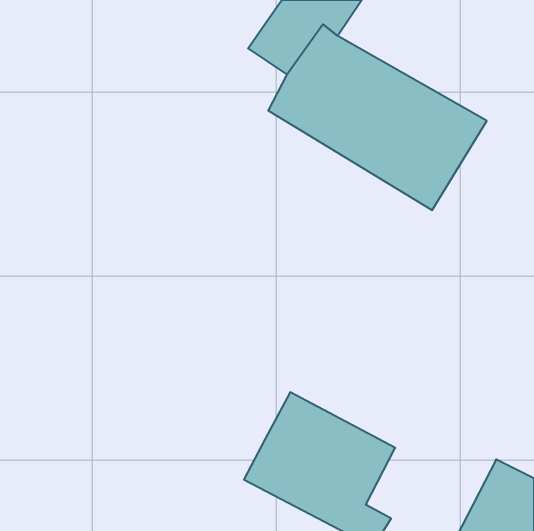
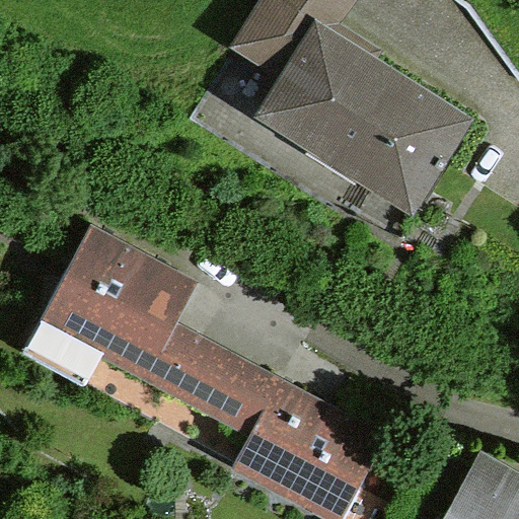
building: none -> [26,227,280,430]

